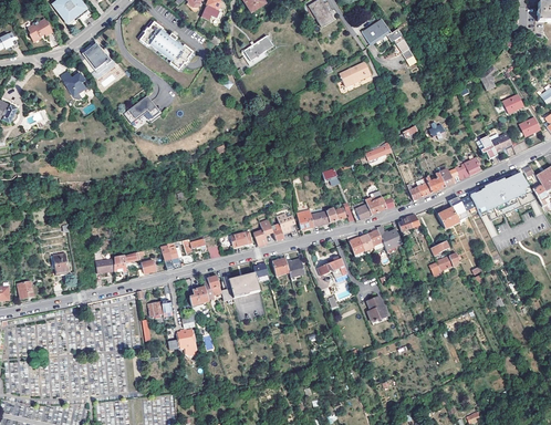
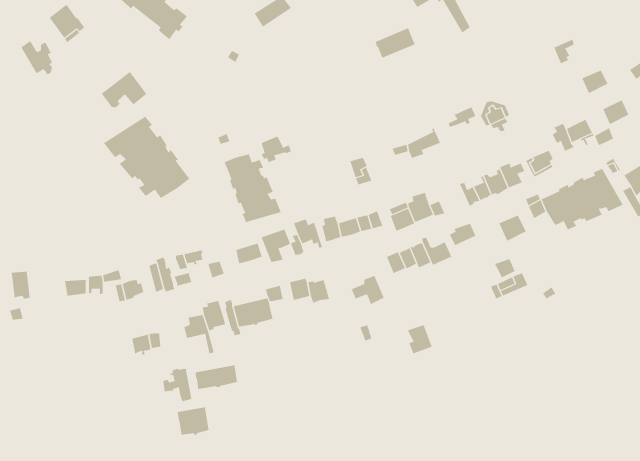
building: none -> [103,116,190,199]
building: none -> [224,154,281,223]
building: none -> [195,364,238,390]
building: none -> [177,406,209,436]

